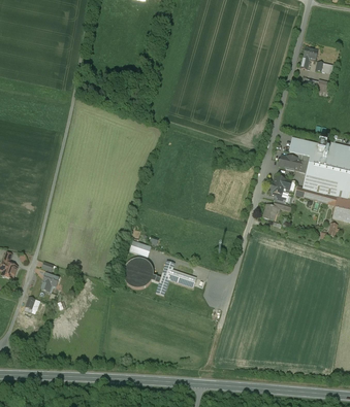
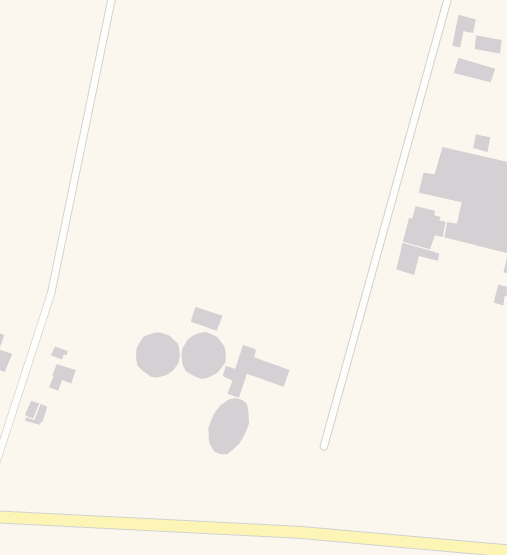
building: none -> [136,332,180,378]
building: none -> [208,397,249,455]

